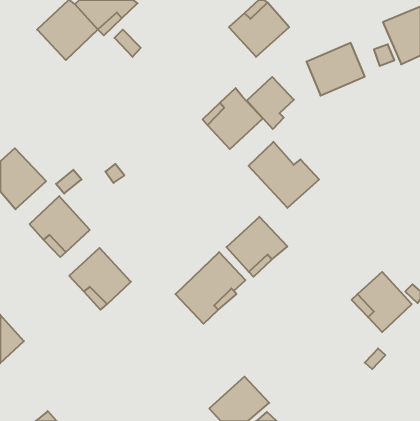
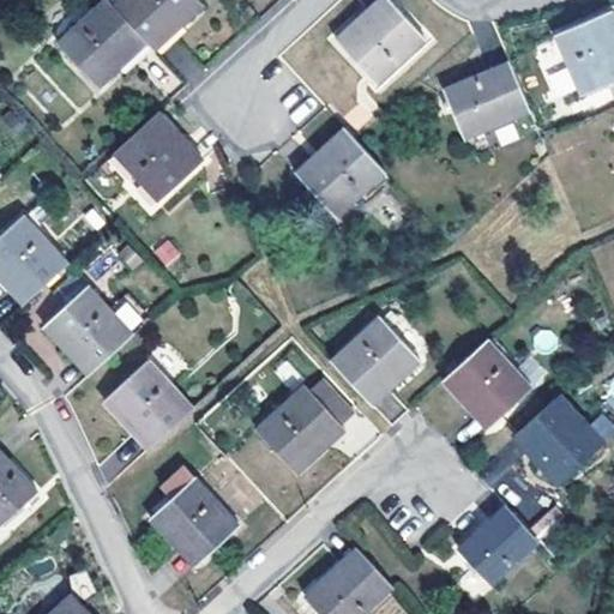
building: [247,77,294,129] -> none
building: none -> [113,114,201,201]
building: [249,142,319,208] -> none
building: none -> [441,339,529,426]
building: none -> [149,476,249,566]
building: none -> [458,505,537,584]

